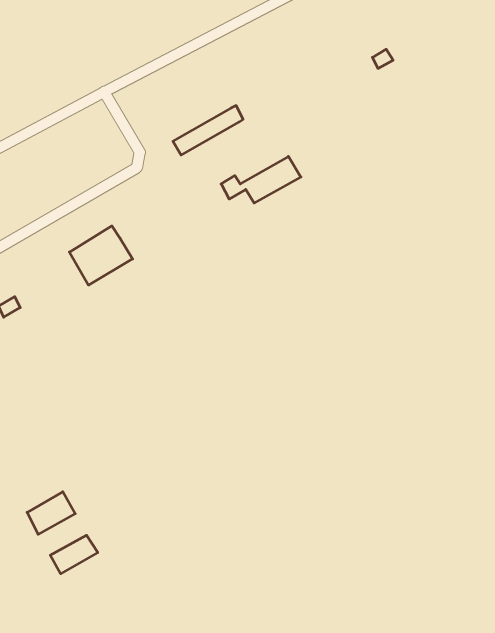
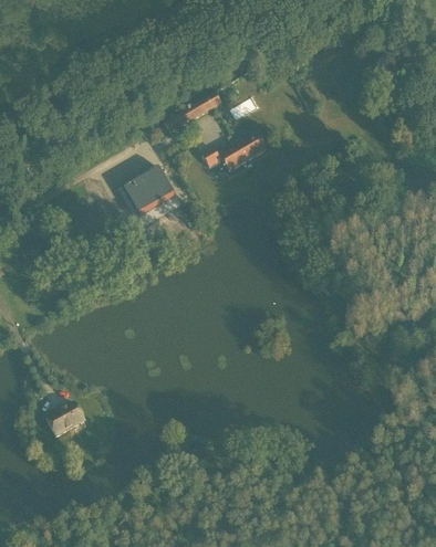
building: [69,226,133,285] -> [124,166,175,213]
building: [50,535,98,574] -> none

